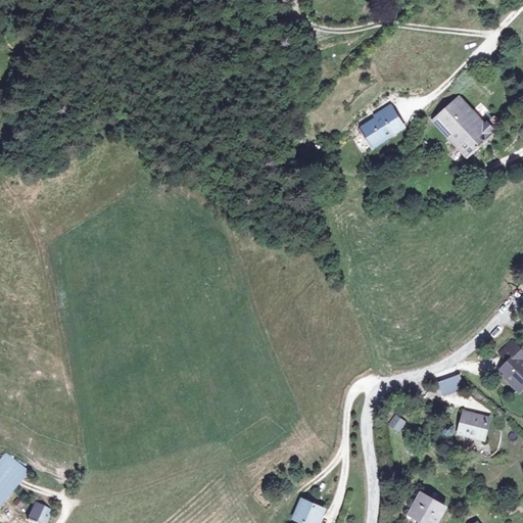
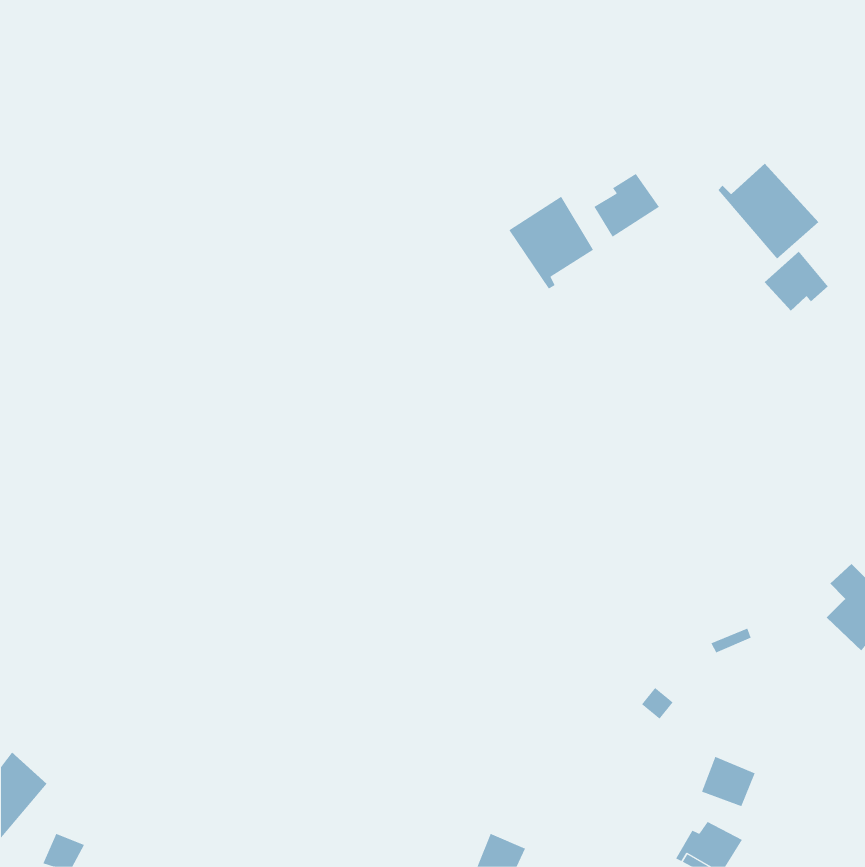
building: none -> [509,196,594,289]
building: none -> [764,251,829,312]
building: [455,411,487,441] -> [701,756,755,807]

